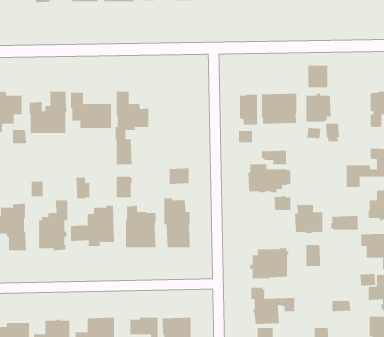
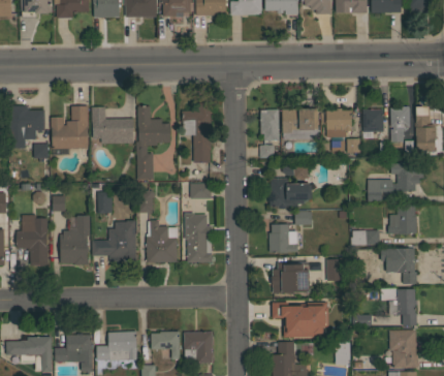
building: [307,65,328,88] -> [362,108,383,131]
building: none -> [183,109,212,162]
building: [294,204,323,233] -> [268,223,297,252]

